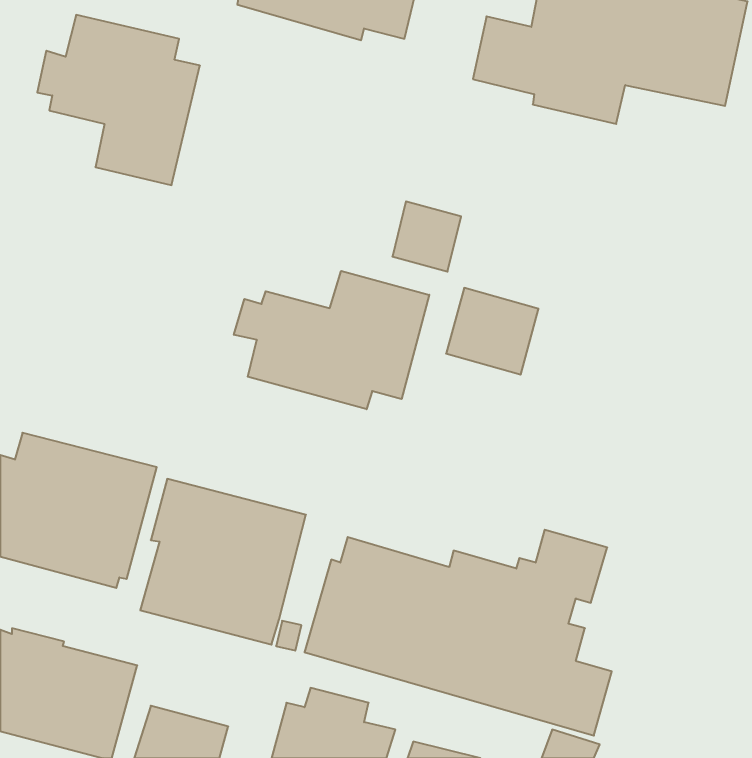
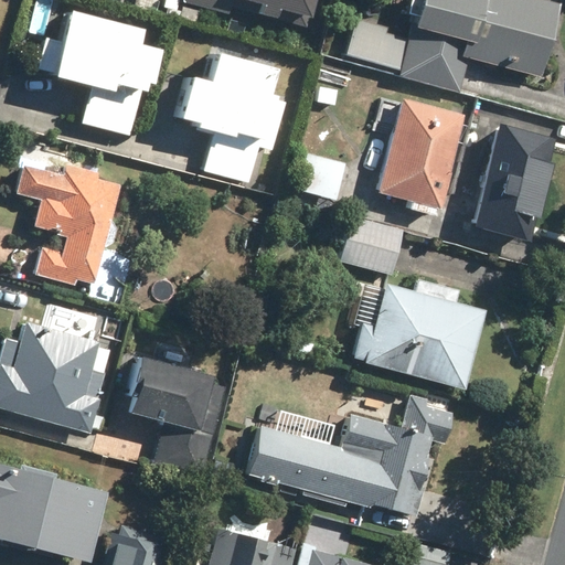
building: none -> [174,52,285,181]
building: none -> [377,99,462,215]
building: none -> [468,122,558,245]
building: none -> [17,162,120,288]
building: [234,271,429,409] -> none
building: none -> [347,276,488,392]

